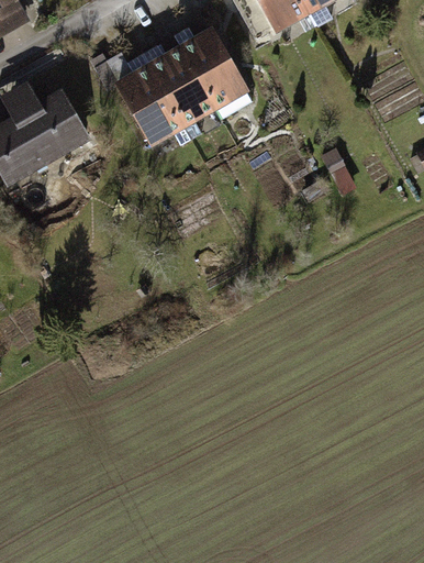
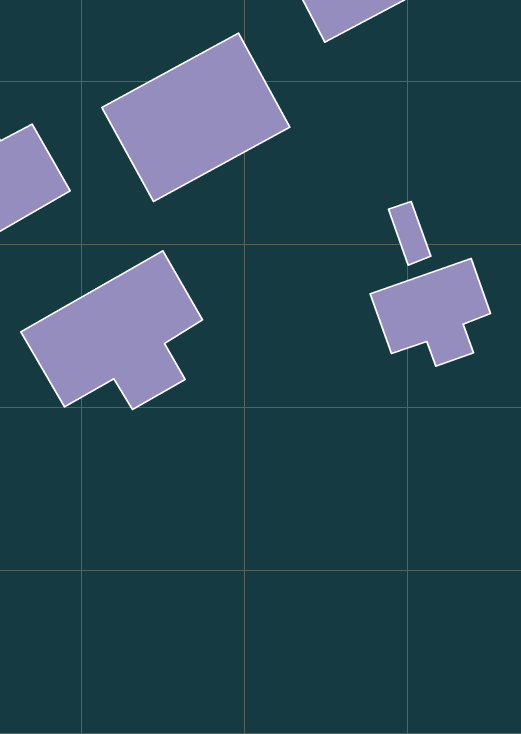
building: none -> [21,251,203,410]
building: none -> [370,258,491,366]

